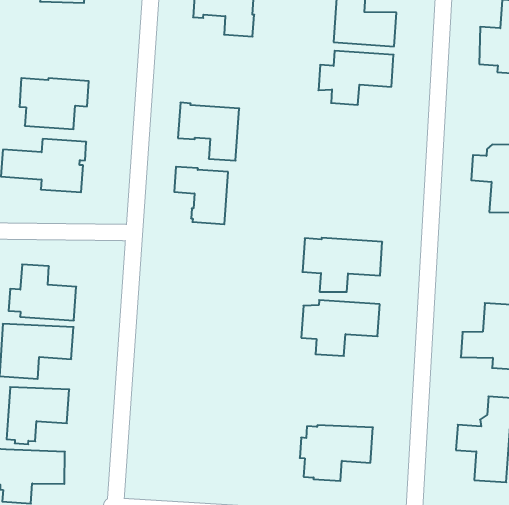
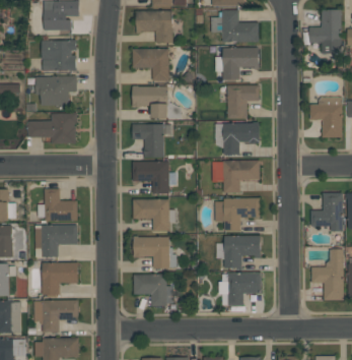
building: none -> [42,41,77,71]
building: none -> [133,49,169,81]
building: none -> [227,85,260,119]
building: none -> [216,122,260,156]
building: none -> [133,161,178,193]
building: none -> [133,199,175,231]
building: none -> [134,236,177,268]
building: none -> [217,236,261,268]
building: none -> [134,275,173,306]

